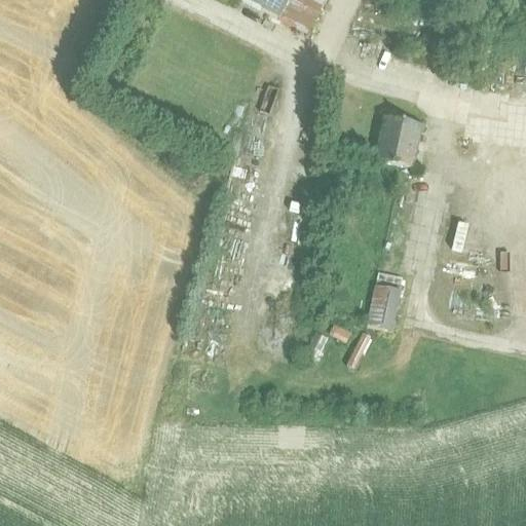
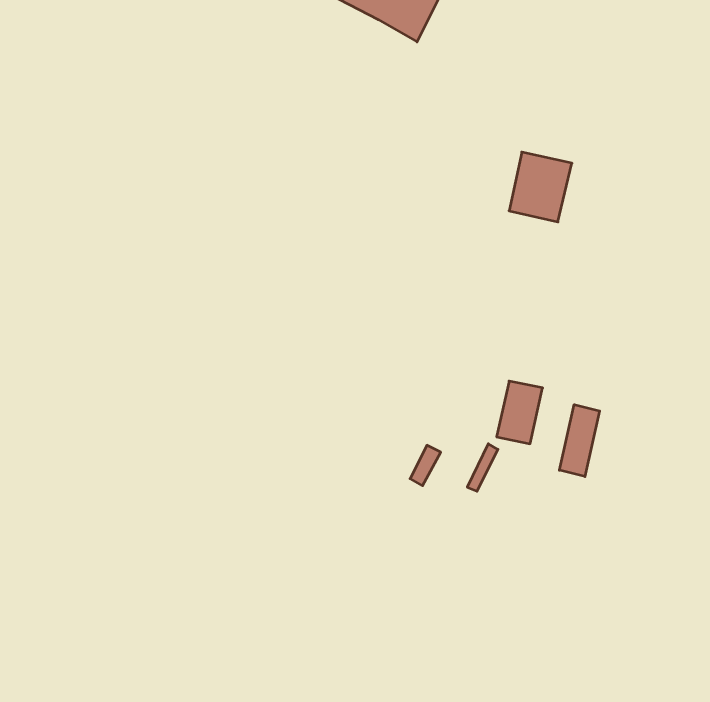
building: none -> [559,405,600,477]

